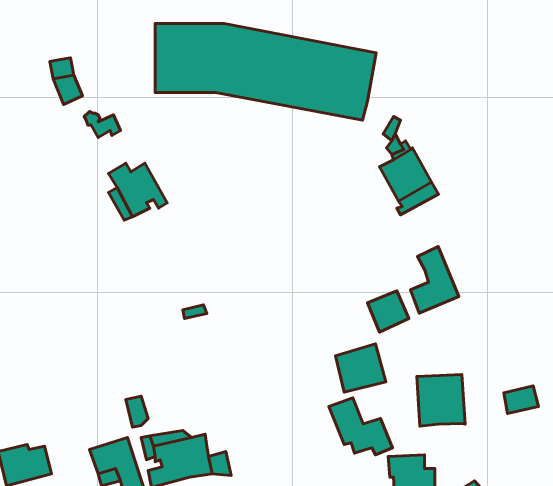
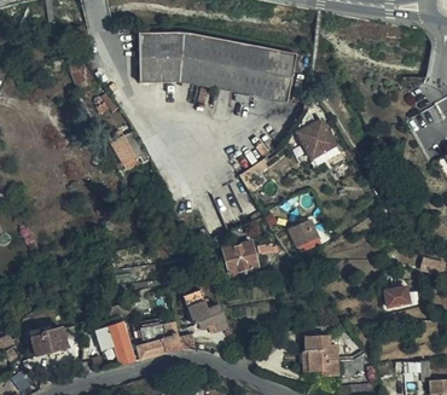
building: [411,246,459,313] -> none
building: [336,344,386,392] -> [222,239,257,273]
building: [417,375,465,426] -> none
building: [329,398,393,455] -> [181,290,226,330]

